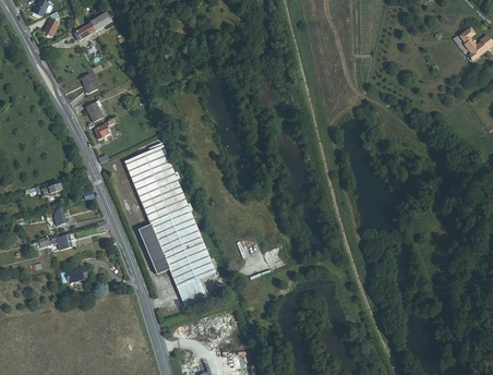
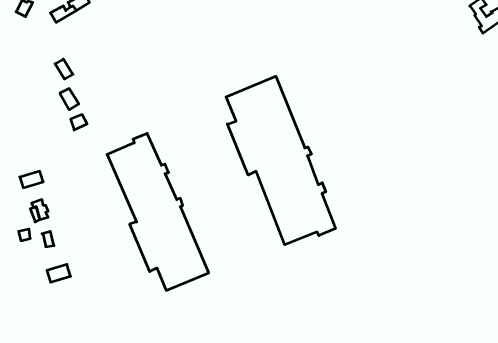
building: none -> [226,76,335,245]

